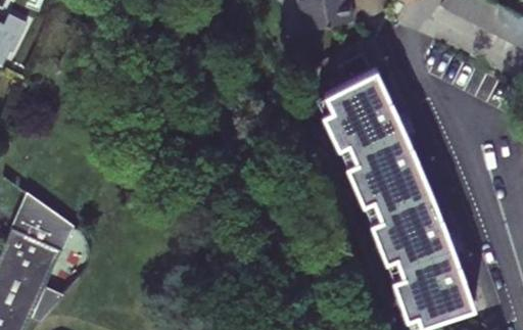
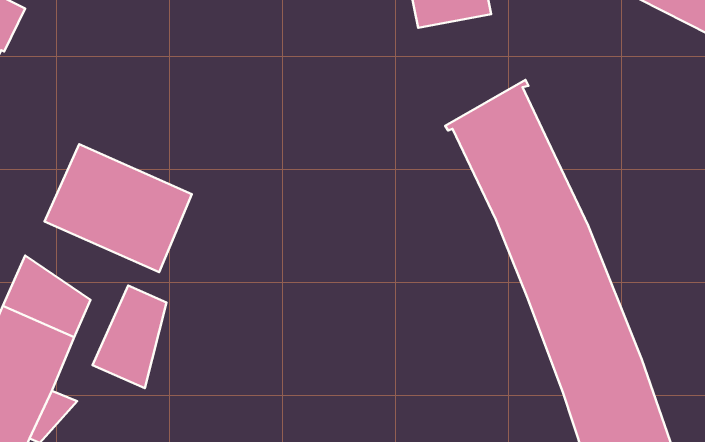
building: none -> [45,144,192,272]
building: none -> [93,285,166,388]

